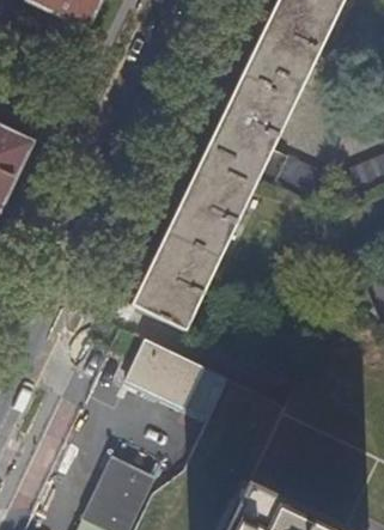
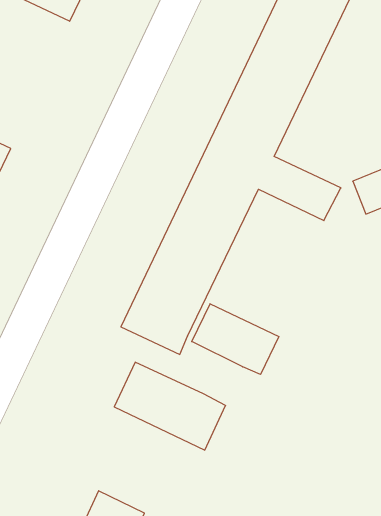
building: none -> [192,304,279,374]

